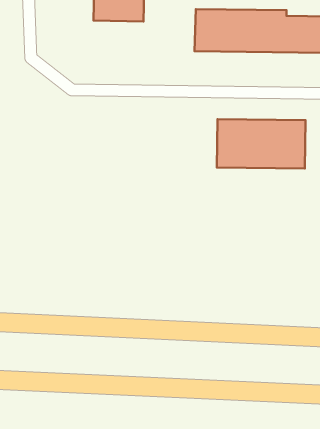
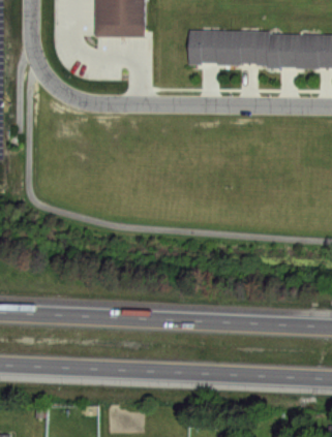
building: [217,119,306,169] -> none

